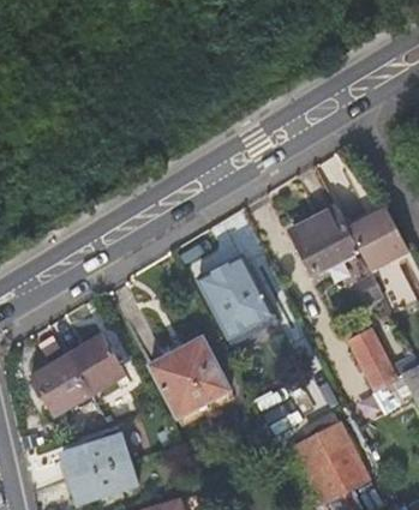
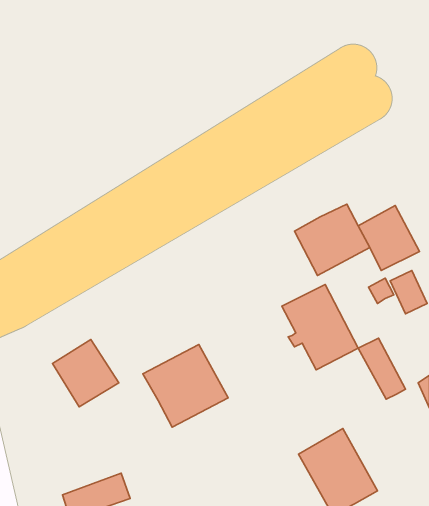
building: [198,258,270,338] -> [282,285,358,370]
building: [29,356,86,418] -> none
building: [61,433,126,480] -> none

